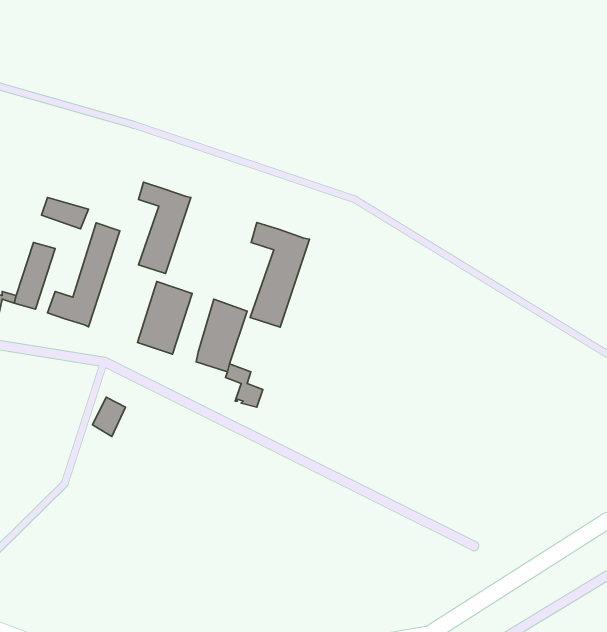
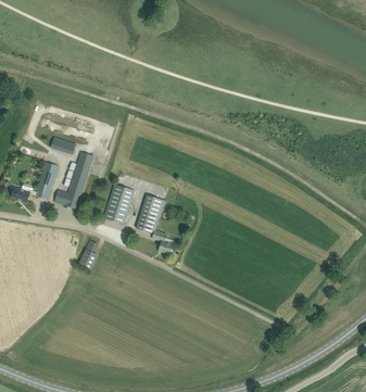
building: [139,182,191,273] -> none
building: [250,222,309,327] -> none

